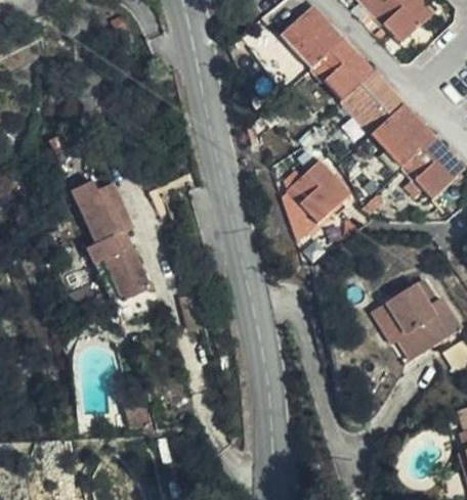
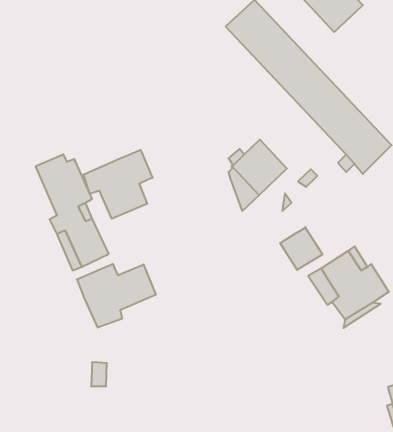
building: none -> [83,150,153,219]
building: none -> [280,227,322,270]
building: none -> [77,264,156,328]

